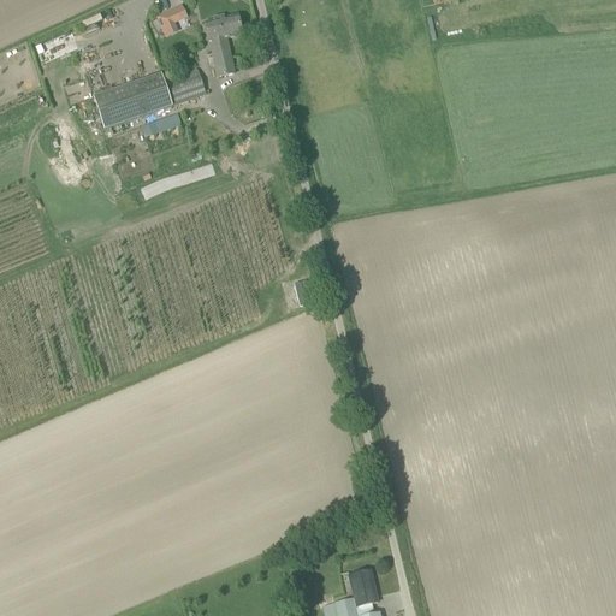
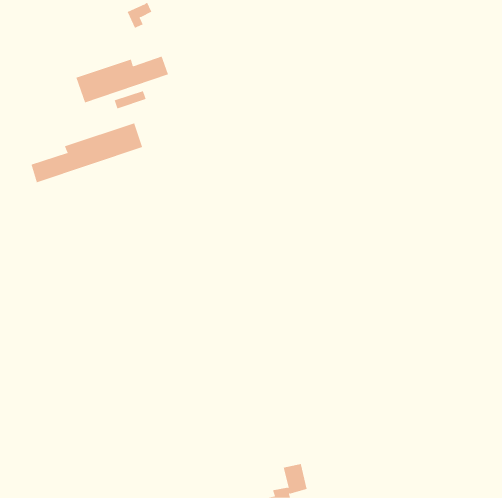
building: [207,12,242,73] -> none
building: none -> [31,122,143,183]

